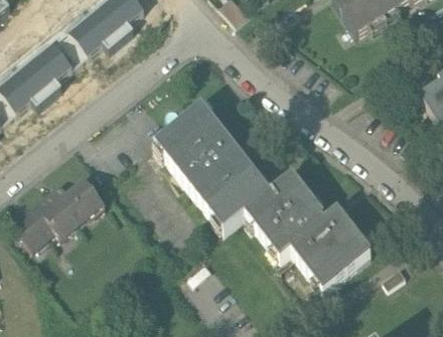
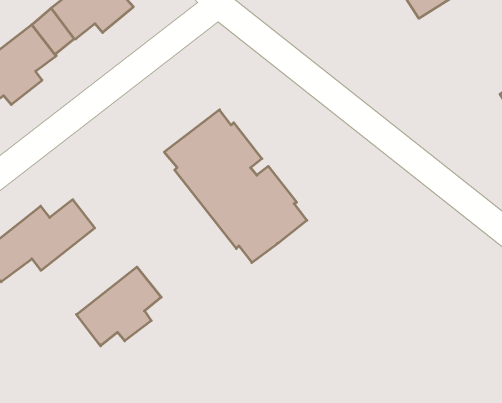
building: [247,174,373,289] -> none
building: none -> [76,267,161,346]

